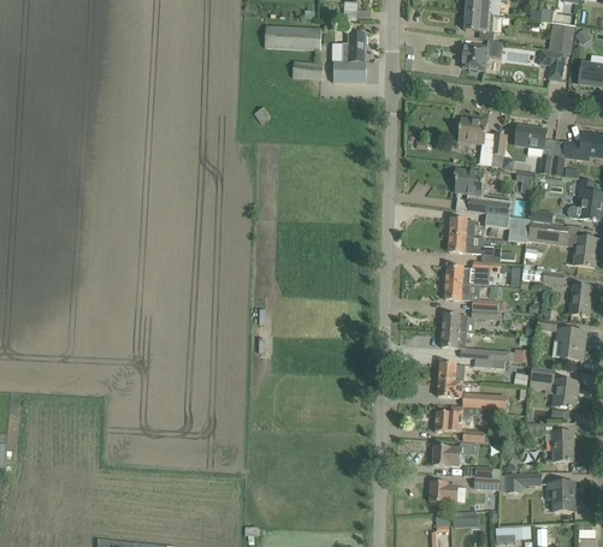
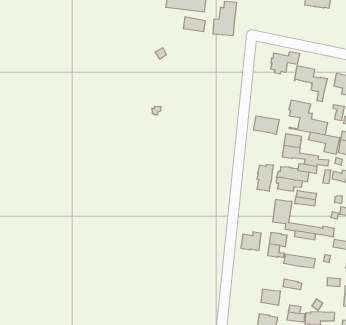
building: [462,40,503,72] -> [271,52,300,74]
building: none -> [253,116,279,135]
building: none -> [257,165,274,191]
building: [434,405,462,432] -> [241,232,261,250]

